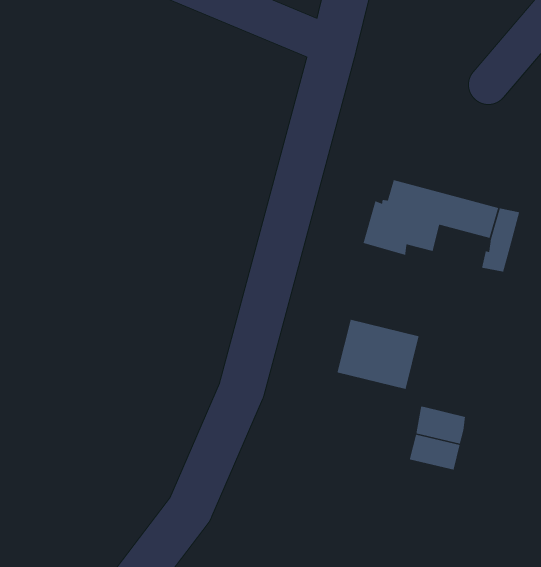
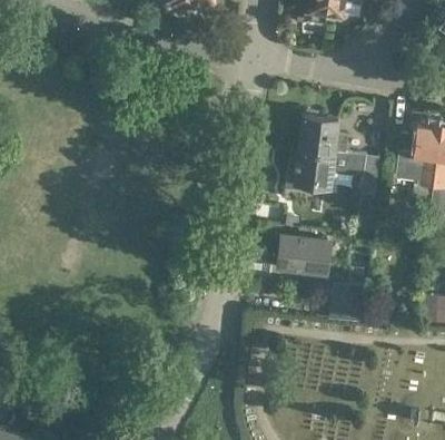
building: none -> [299,115,347,153]

